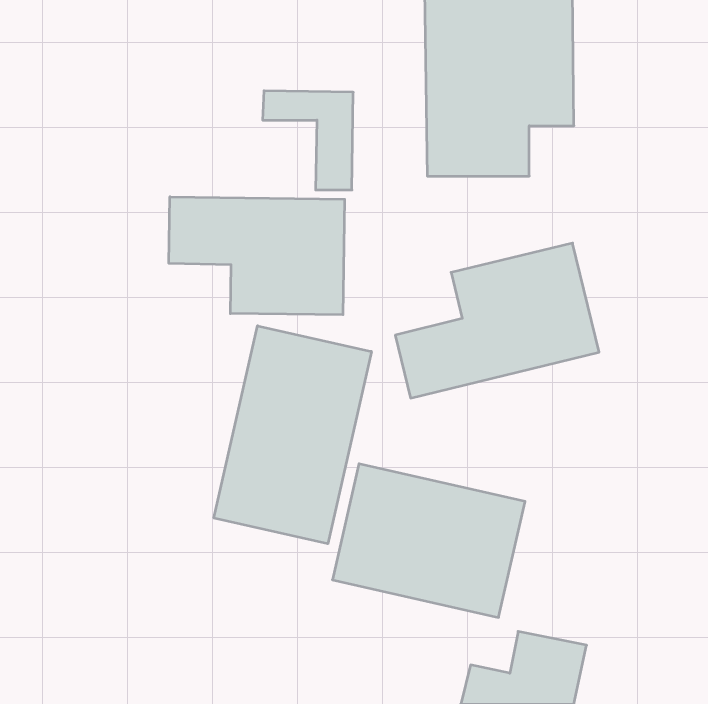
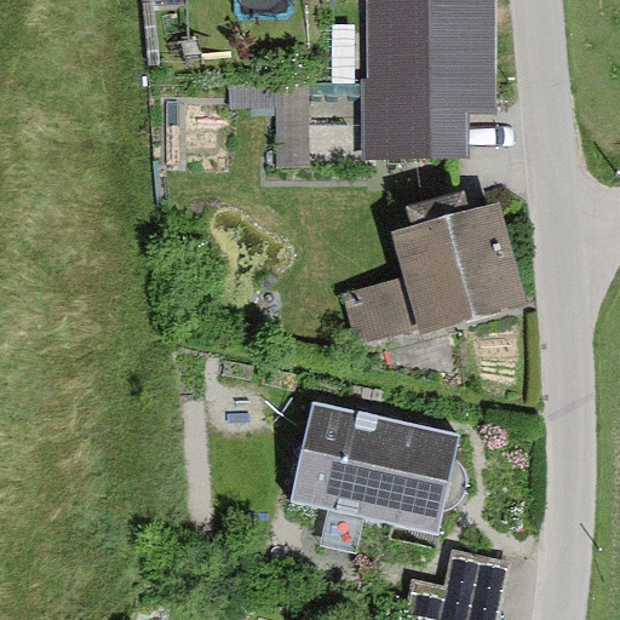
building: [169,197,345,315] -> none
building: [214,326,371,544] -> none

